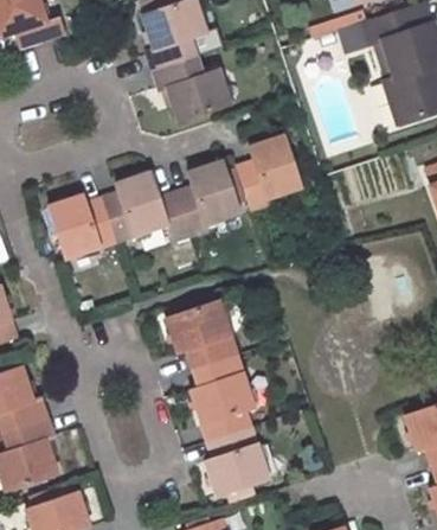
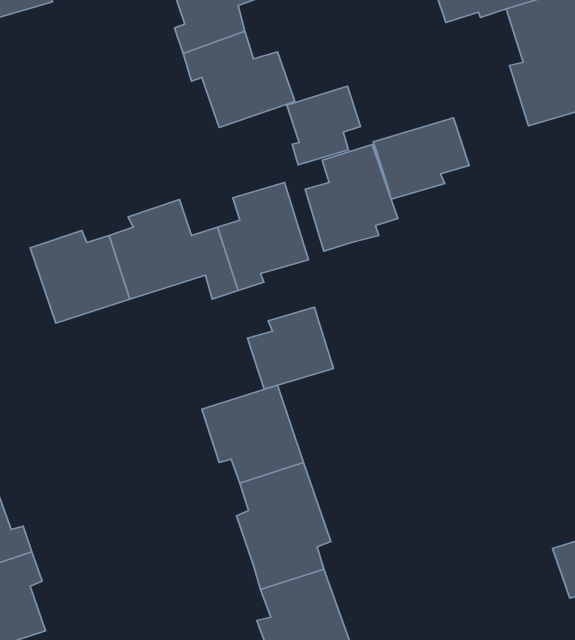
building: none -> [287,86,361,165]
building: none -> [373,118,469,199]
building: none -> [248,307,334,389]

